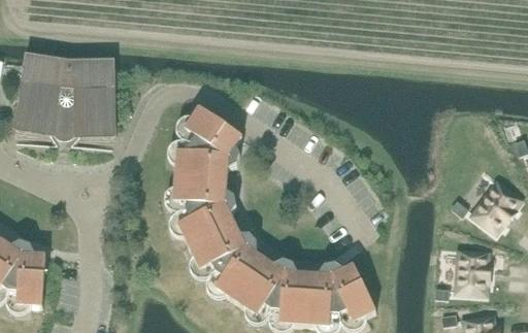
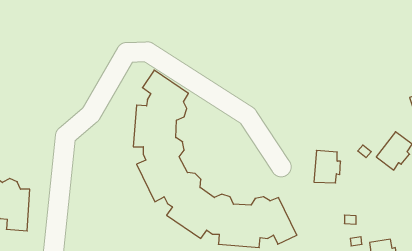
building: [16,56,110,132] -> none
building: [456,249,489,290] -> [314,150,341,183]

